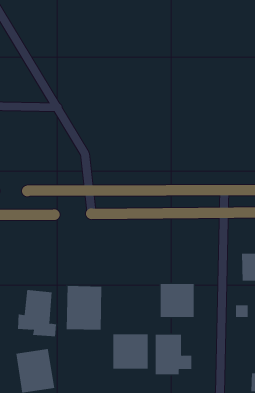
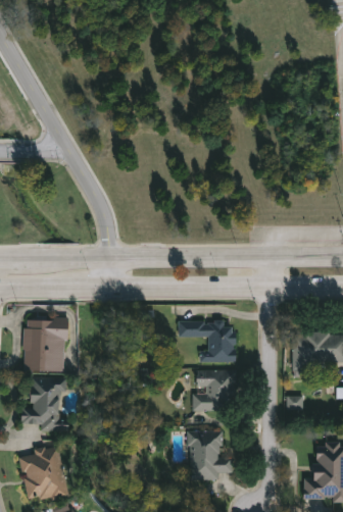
building: none -> [179,320,236,361]
building: [66,286,102,330] -> [22,317,66,371]
building: [113,333,148,369] -> none

